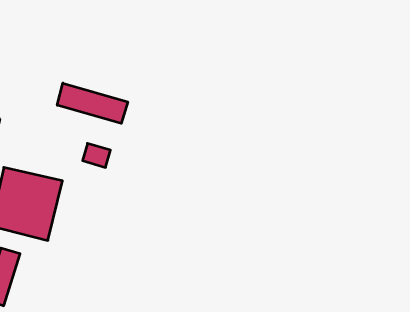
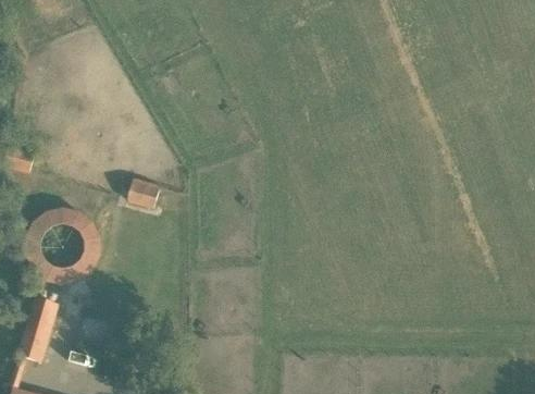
building: [57,83,128,123] -> none

